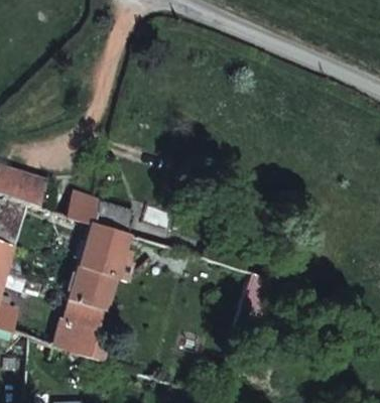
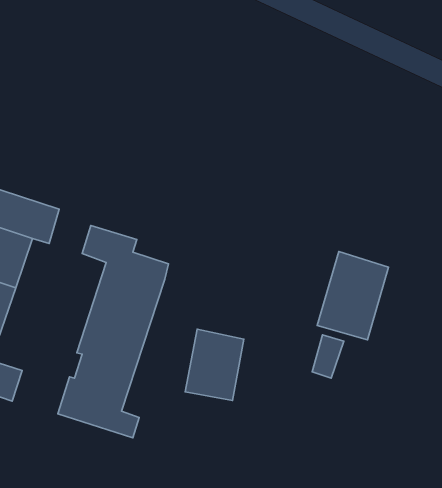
building: none -> [317,252,388,340]
building: none -> [185,329,244,401]

